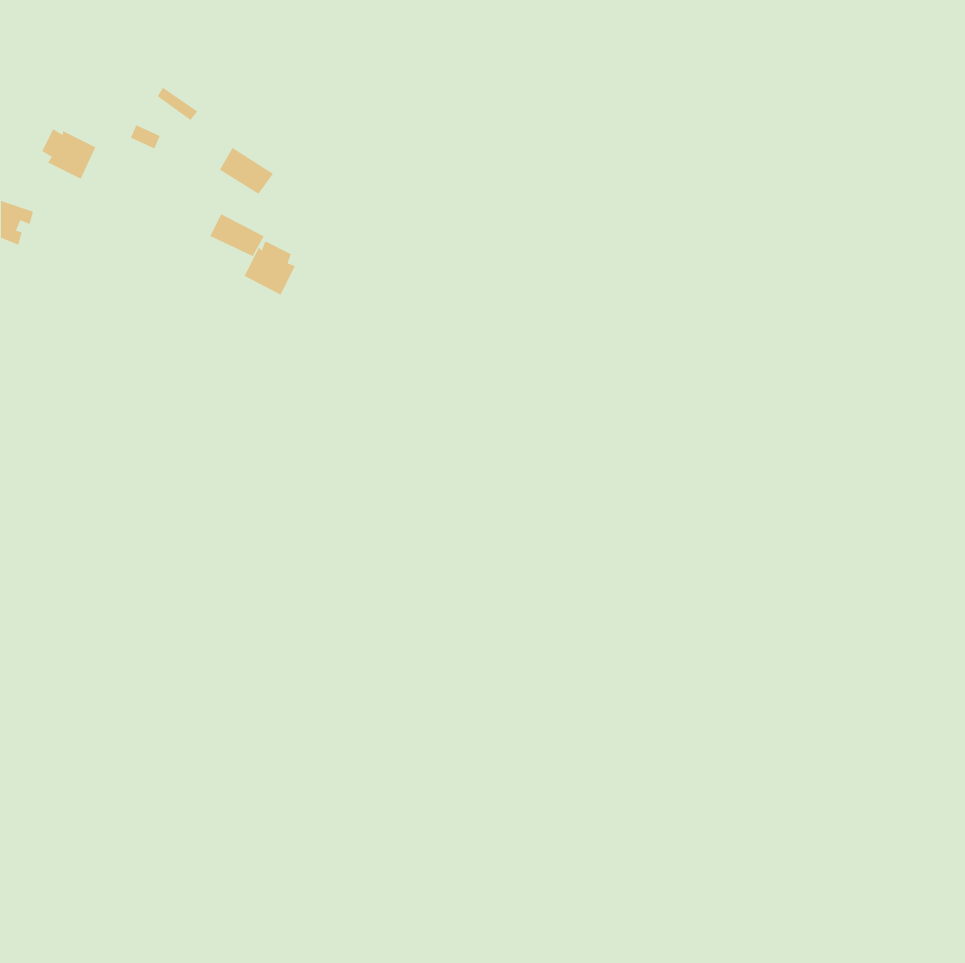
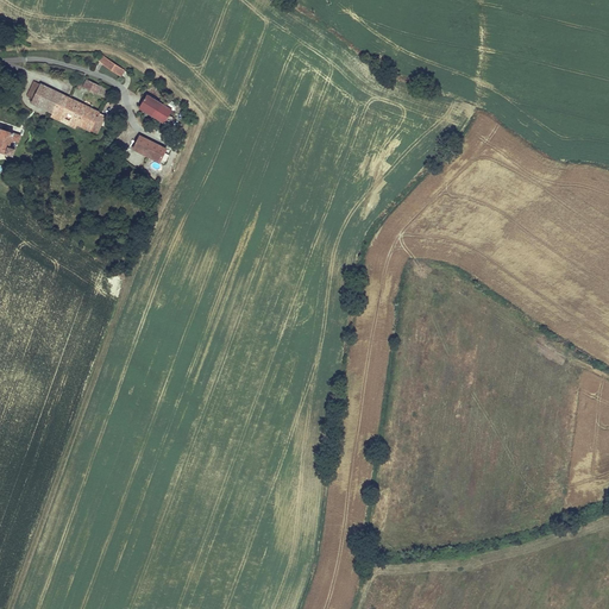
building: none -> [51,94,105,134]
building: [244,240,296,295] -> none

